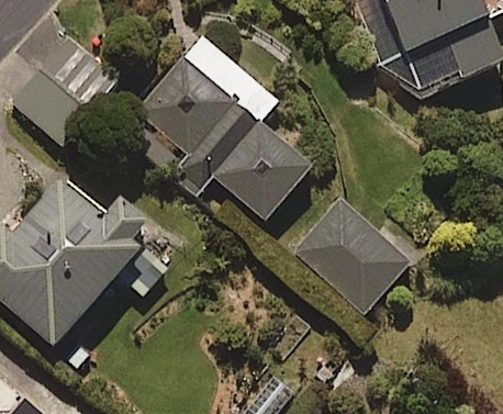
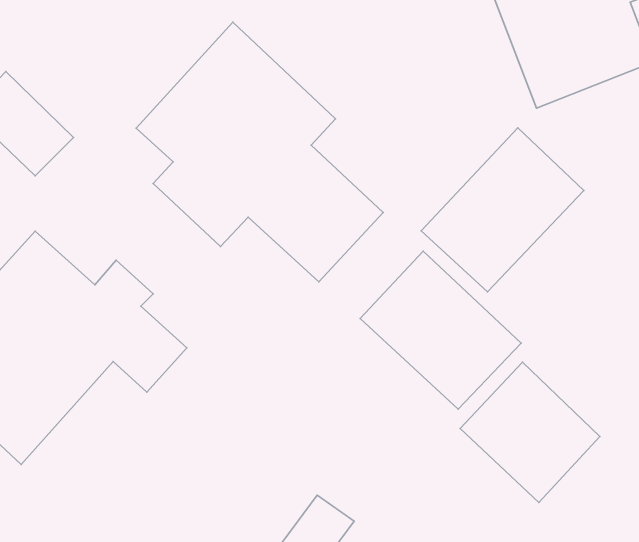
building: none -> [421,128,584,292]
building: none -> [460,362,600,502]

